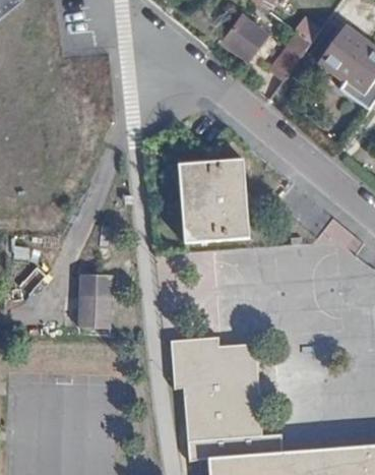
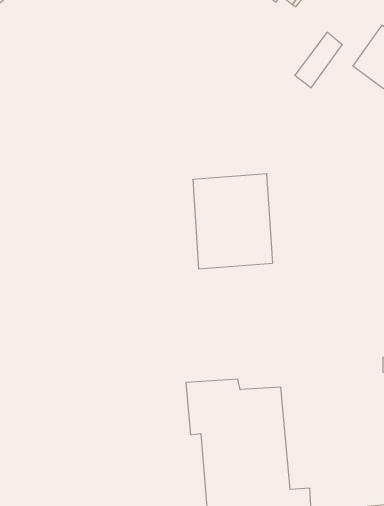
building: [221,17,265,62] -> none
building: [78,272,115,330] -> none

